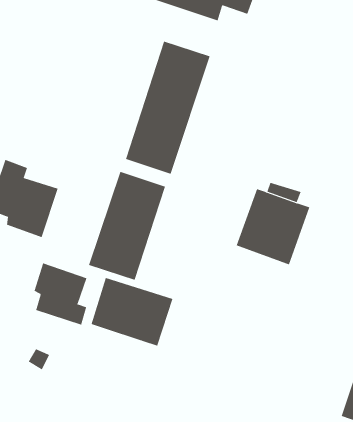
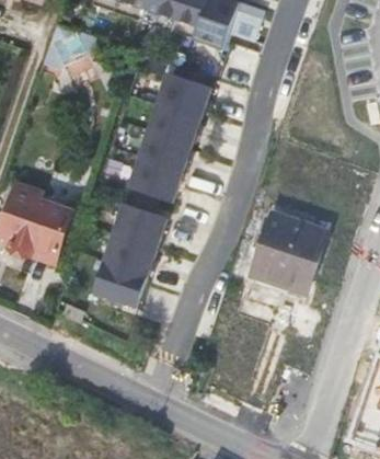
building: [34,263,87,325] -> none
building: [91,277,173,347] -> none

